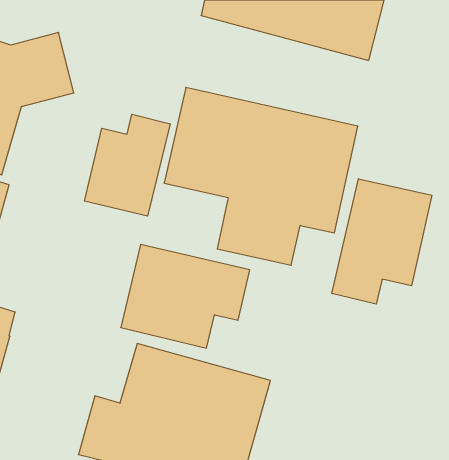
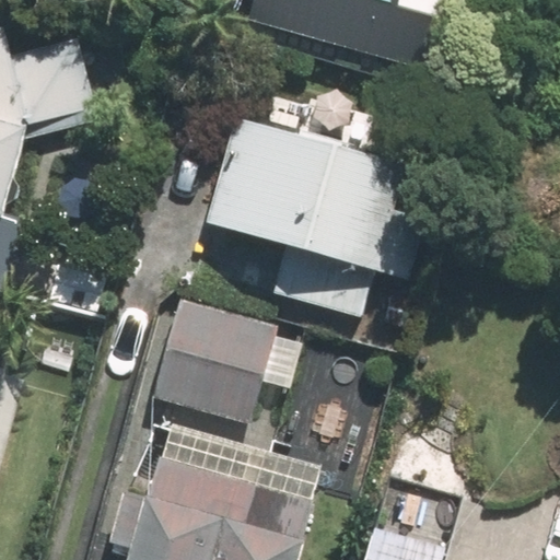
building: [84,114,170,216] -> none
building: [332,179,432,304] -> none

